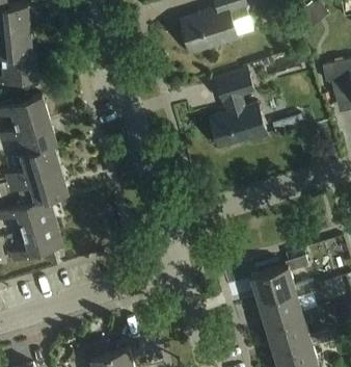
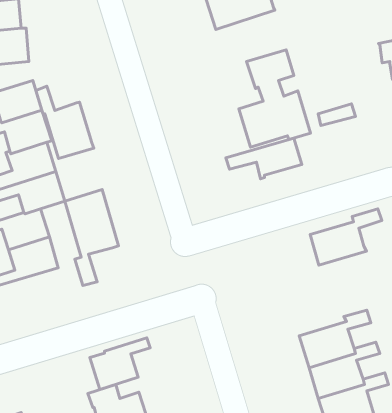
building: none -> [36,86,94,159]
building: none -> [226,138,302,179]
building: none -> [65,190,119,286]
building: [250,257,308,303] -> [310,209,382,265]
building: none -> [90,338,150,390]

